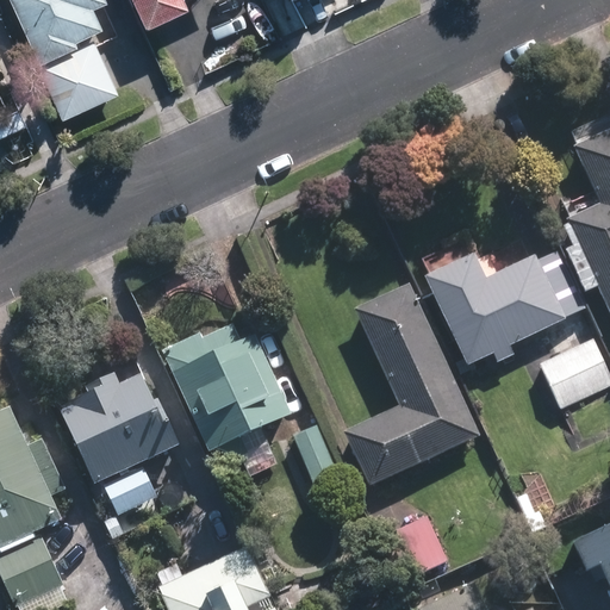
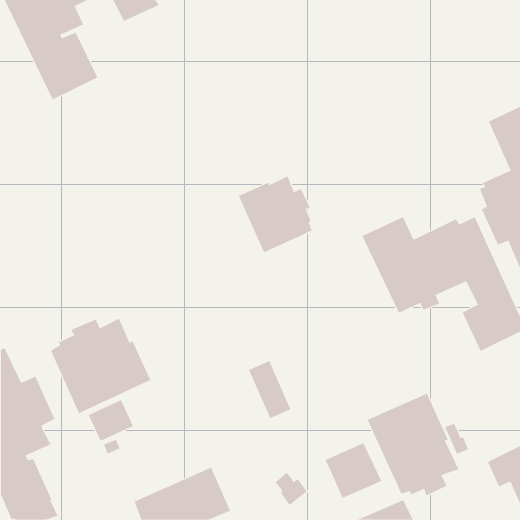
building: none -> [238,175,312,253]
building: [341,284,478,486] -> none
building: [163,323,290,448] -> none
building: none -> [367,393,459,496]

